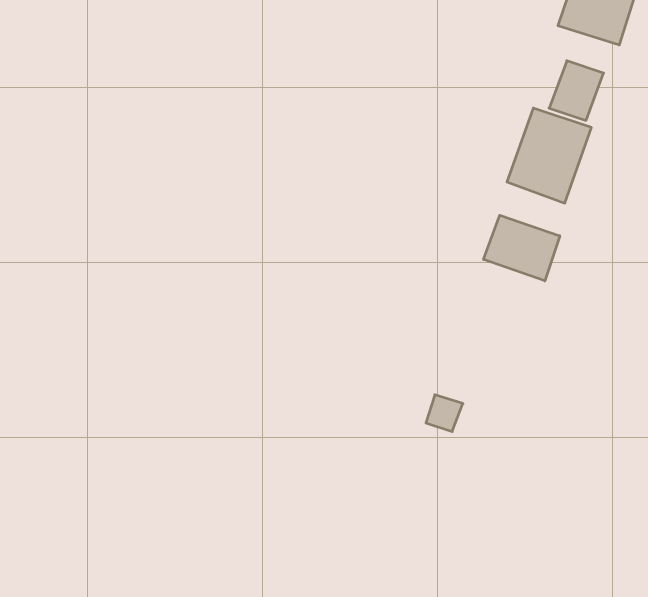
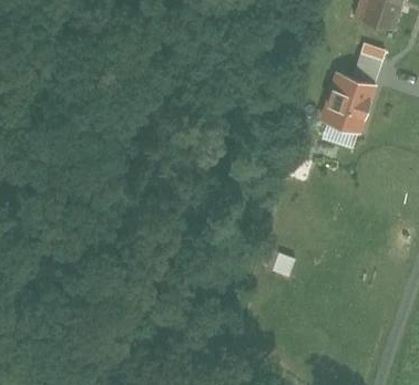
building: [484,215,560,281] -> none

